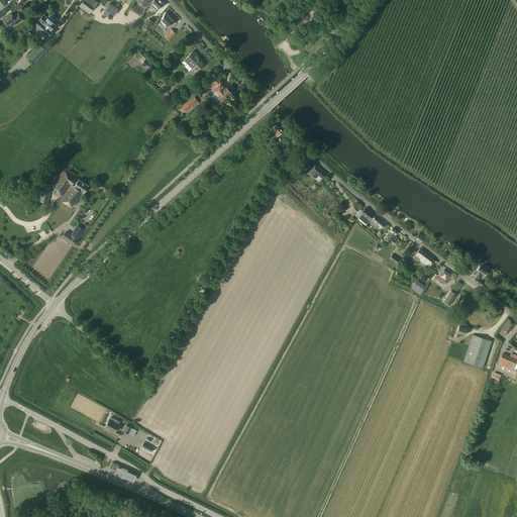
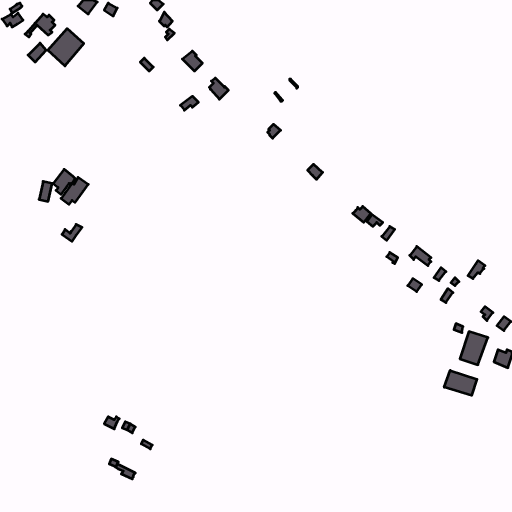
building: none -> [48,29,84,66]
building: none -> [444,370,477,395]

